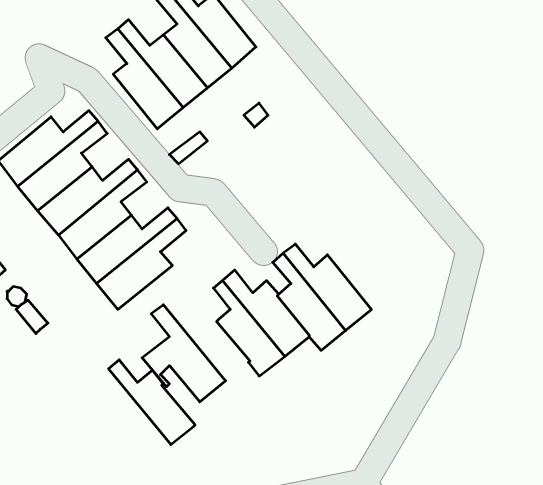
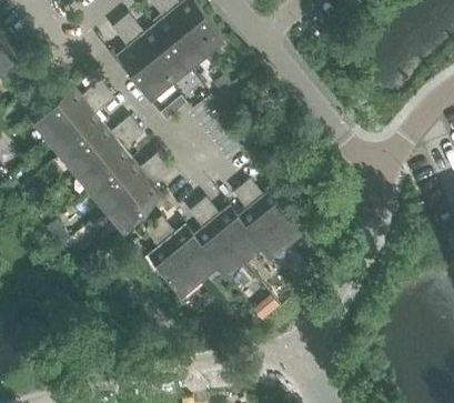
building: [109,360,195,445] -> [154,222,218,284]

